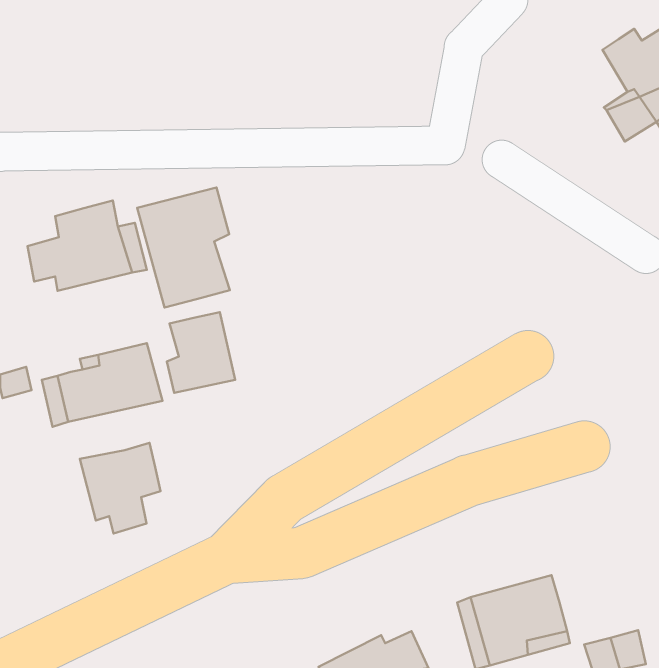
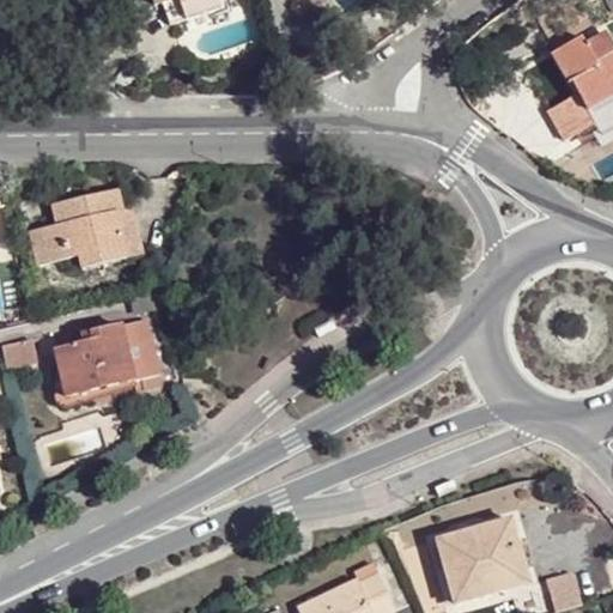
building: [137,187,230,308] -> none
building: [167,312,235,393] -> none
building: [80,443,161,534] -> none

